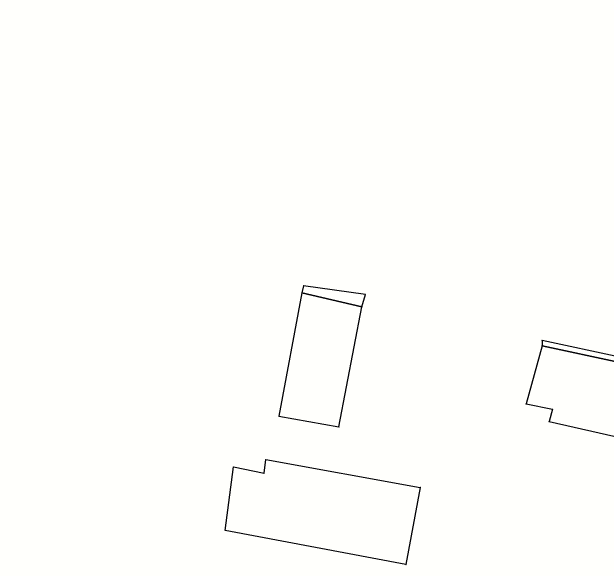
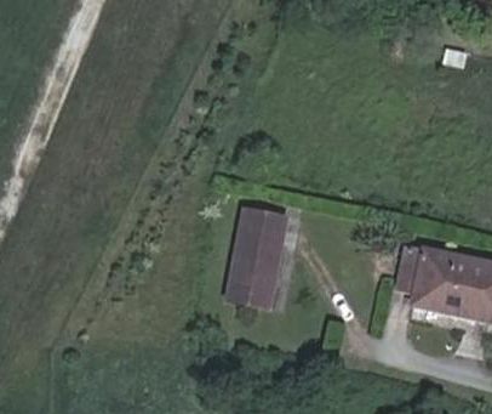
building: [225,460,420,565] -> none

